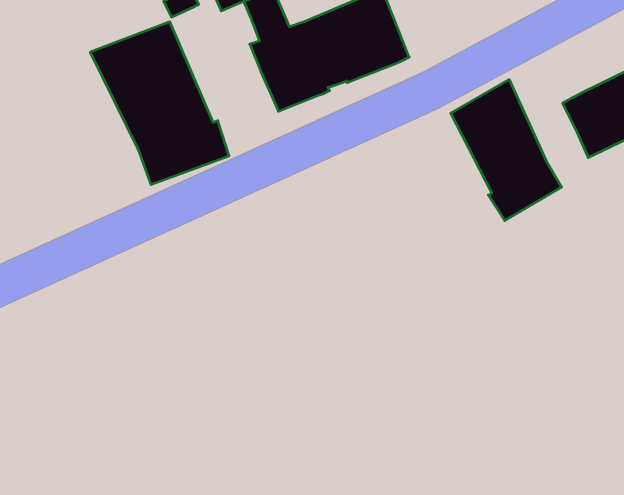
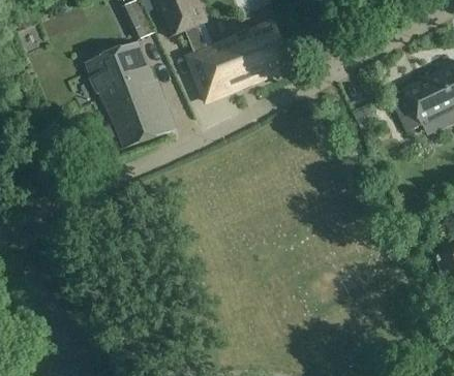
building: [451,80,562,221] -> none

